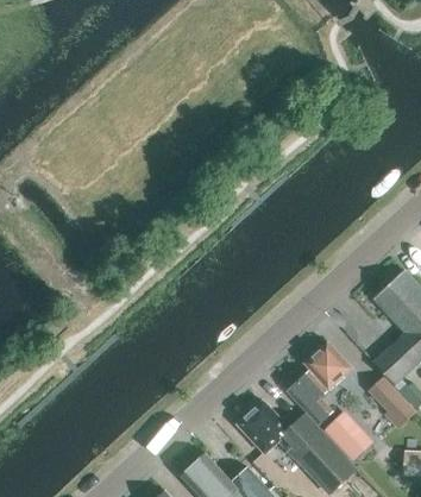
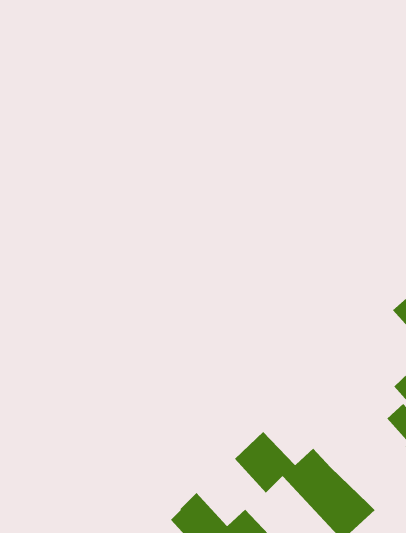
building: [289,341,352,424] -> none
building: [321,413,371,463] -> none

